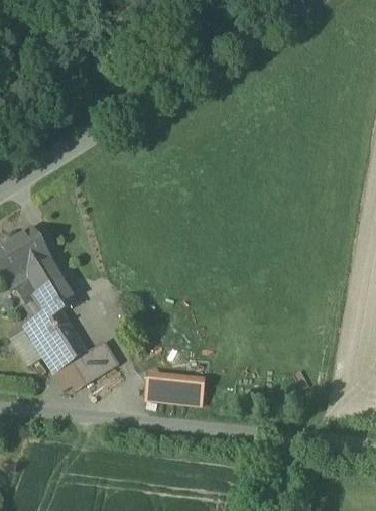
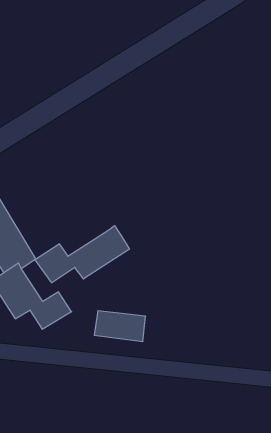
building: none -> [34,226,130,283]

